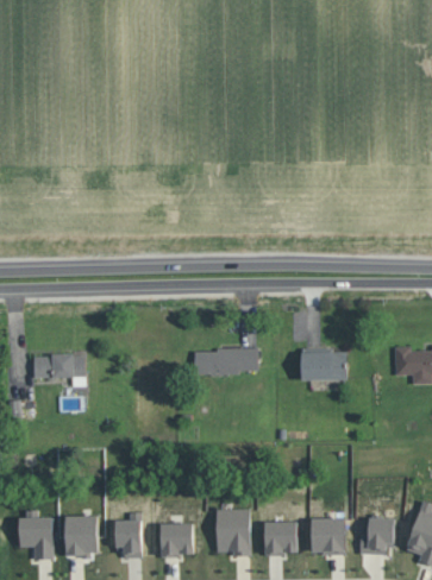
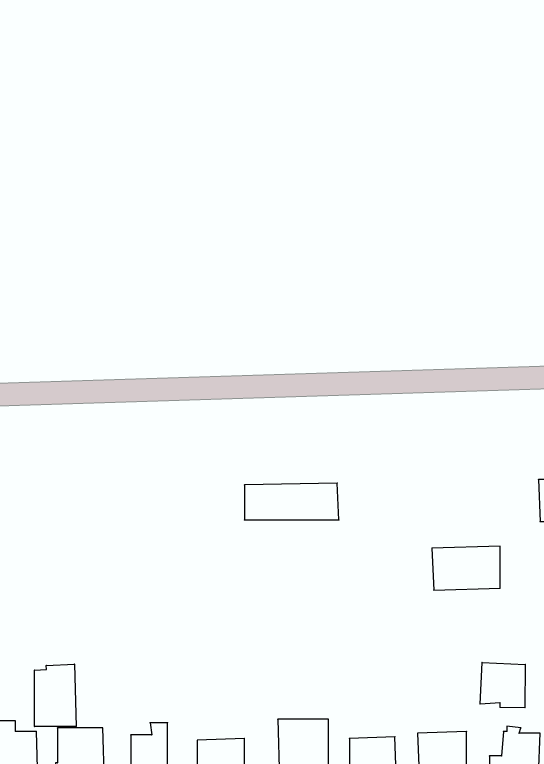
building: [300,351,346,380] -> [432,546,500,590]
building: [32,354,86,386] -> none
building: none -> [480,662,525,708]
building: none -> [35,664,76,727]

